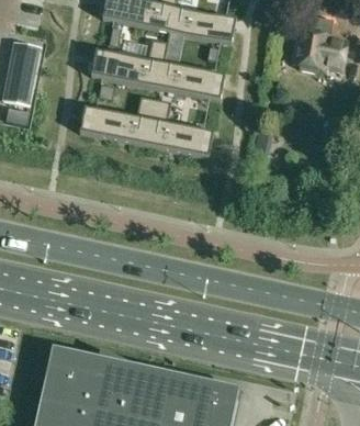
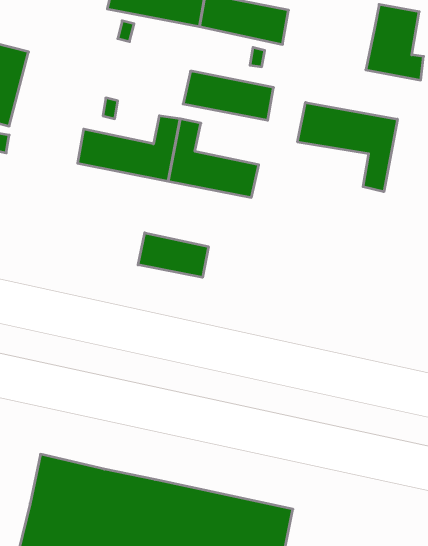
building: [90,40,168,88] -> none
building: none -> [298,102,397,192]
building: none -> [138,233,208,277]

